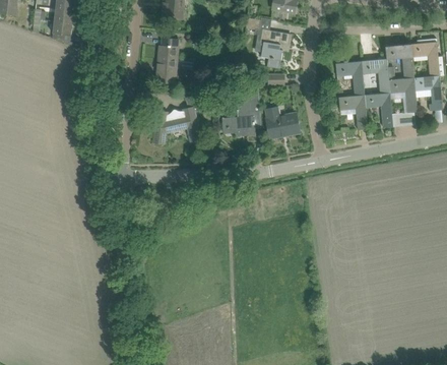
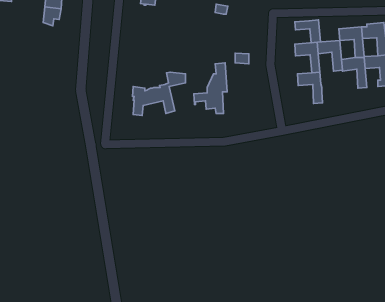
building: [260,31,291,68] -> none
building: none -> [295,20,321,43]
building: [155,38,179,83] -> none
building: [364,93,398,127] -> none
building: [265,107,299,138] -> none

